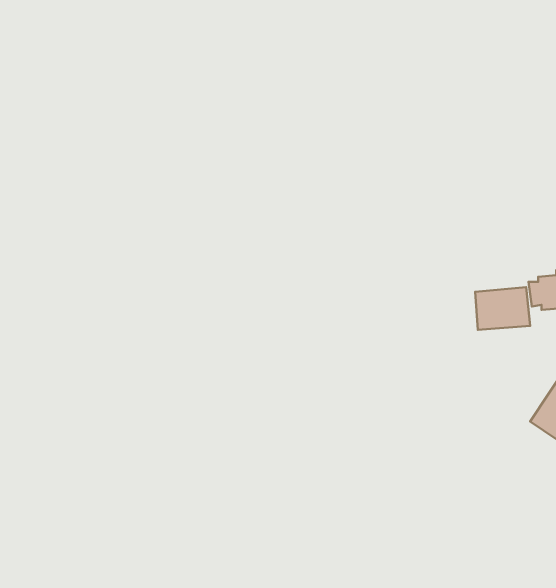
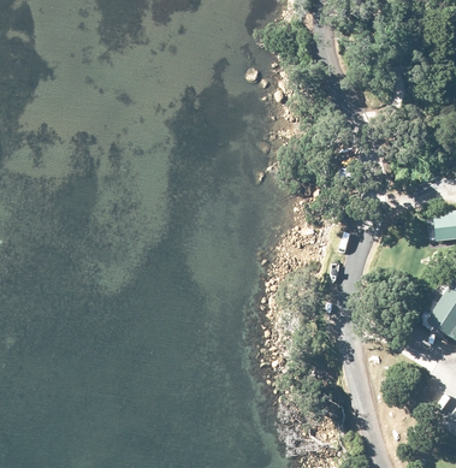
building: [475,287,530,330] -> none

